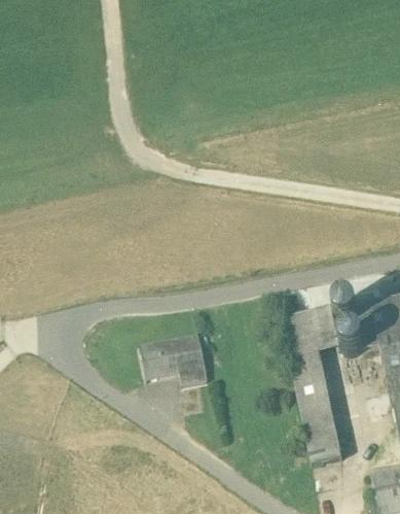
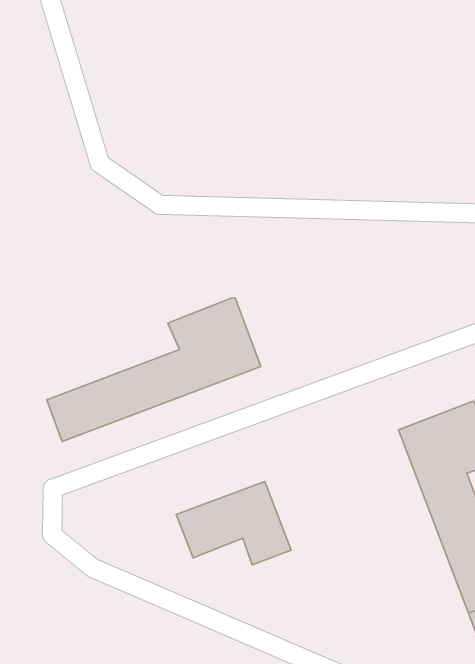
building: none -> [47,298,261,441]

